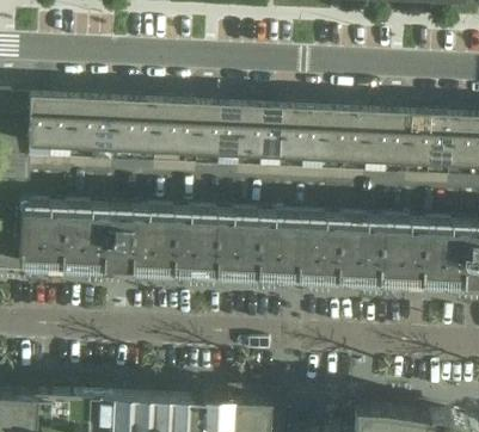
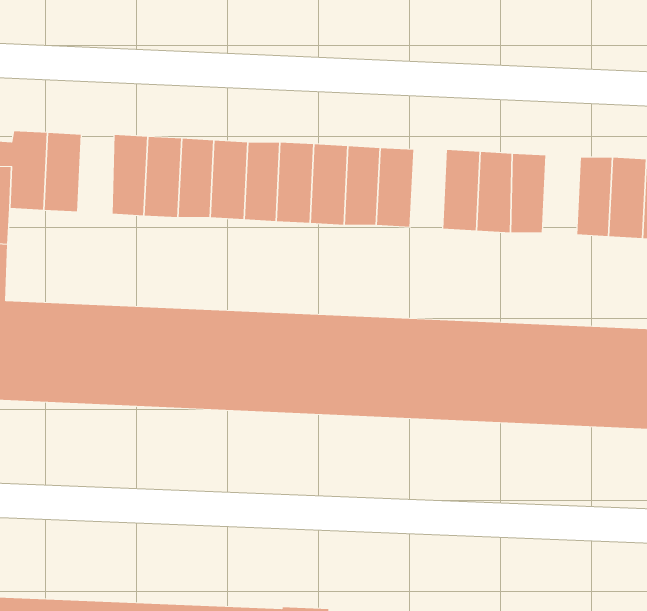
building: [76,101,99,152] -> none
building: [287,111,309,161] -> none
building: [370,115,394,165] -> none

